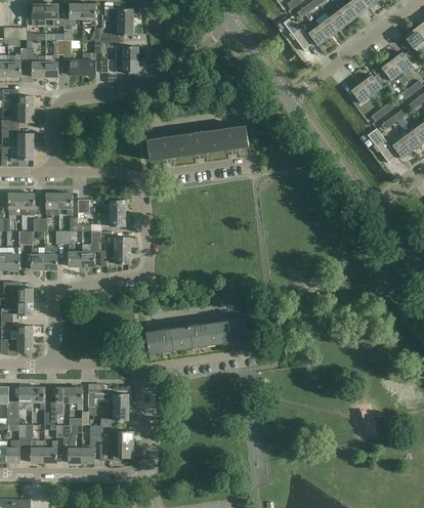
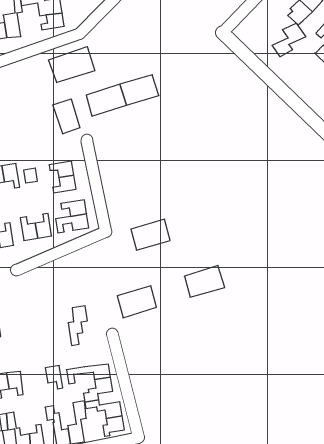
building: none -> [48,47,95,83]
building: none -> [272,23,306,57]
building: [212,125,248,151] -> none
building: none -> [53,99,80,134]
building: [179,323,214,347] -> [131,219,170,250]
building: [50,387,69,422] -> [68,306,87,345]

